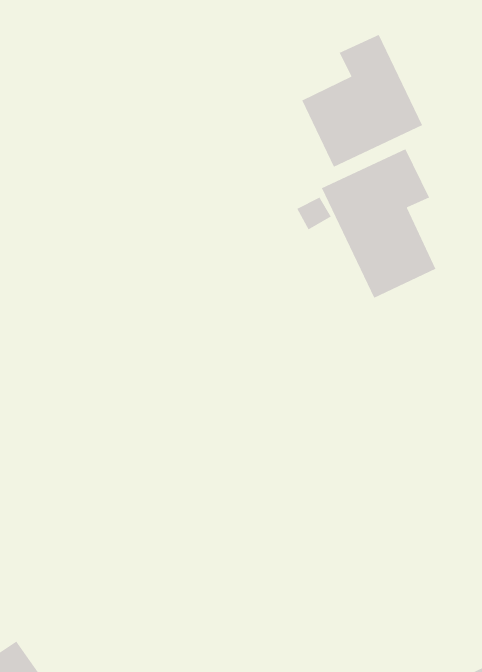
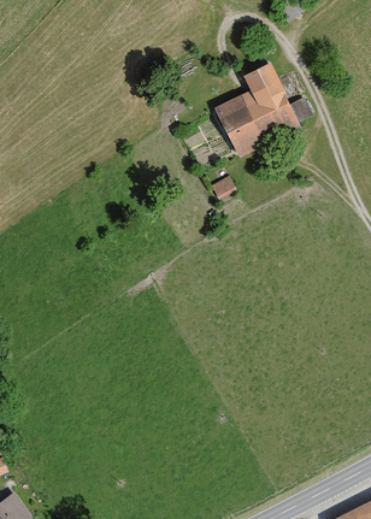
building: [321,148,436,299] -> none

